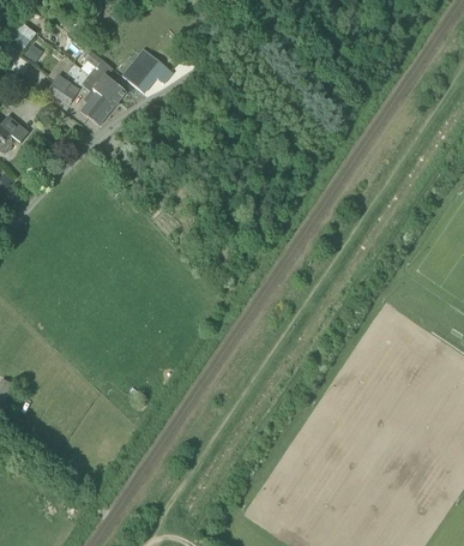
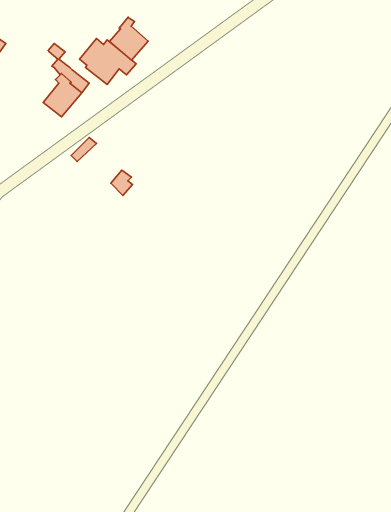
building: none -> [109,17,148,60]
building: [47,74,78,106] -> none

